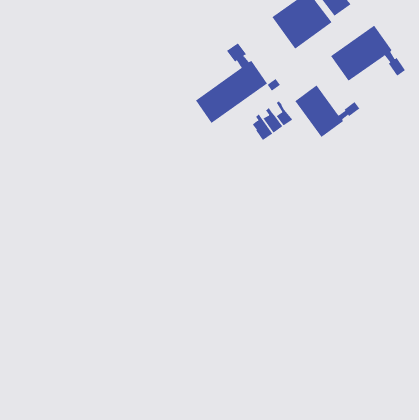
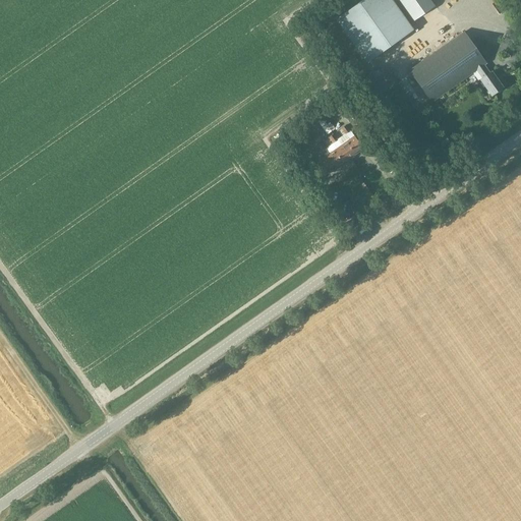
building: [195,43,268,124] -> none
building: [294,85,360,138] -> none

